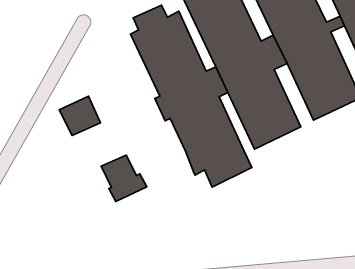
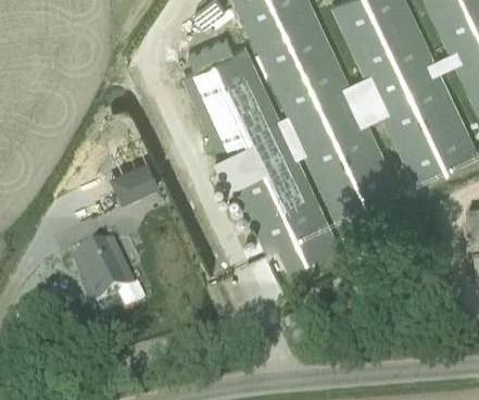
building: [101,155,147,201] -> [75,247,133,305]

